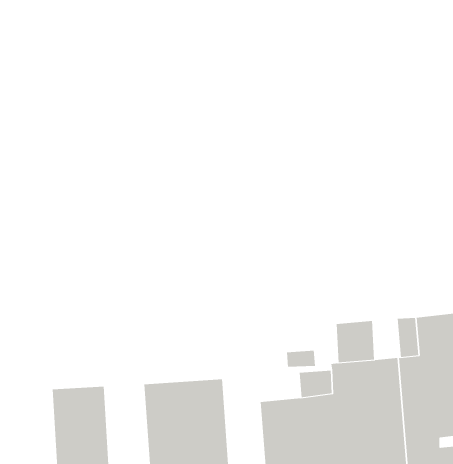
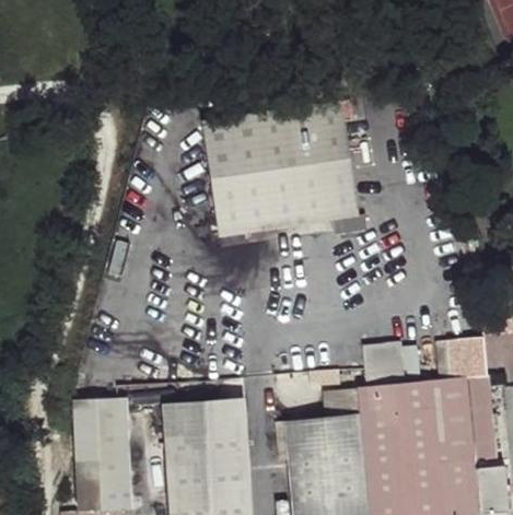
building: none -> [201,103,359,238]

